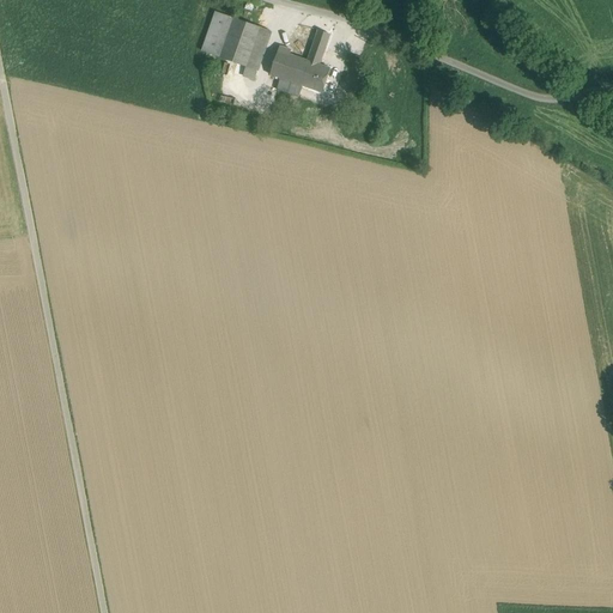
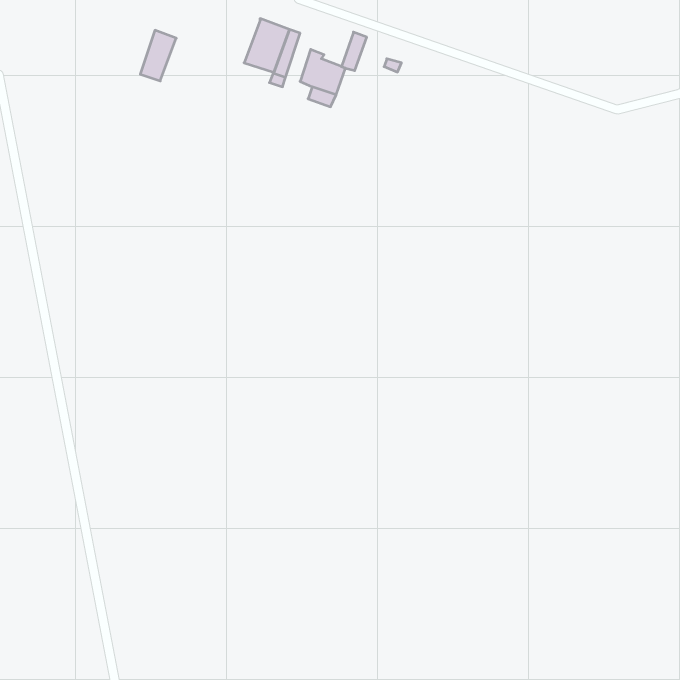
building: [201,11,233,56] -> [140,30,176,81]
building: [302,61,329,91] -> none

